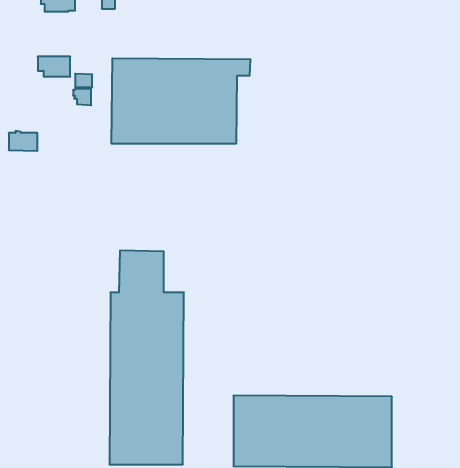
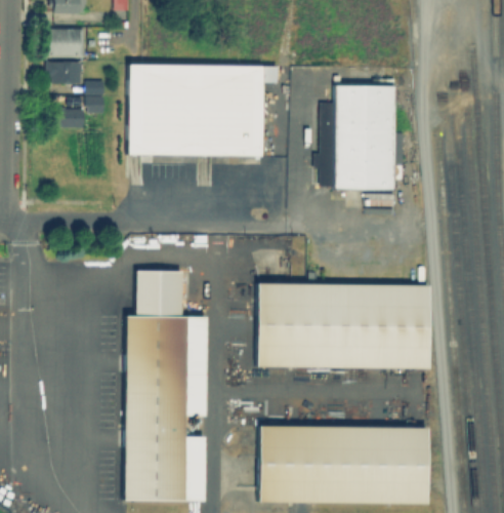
building: none -> [48,29,100,60]
building: none -> [316,83,394,192]
building: [9,131,37,151] -> [55,107,86,128]
building: none -> [257,284,431,367]

